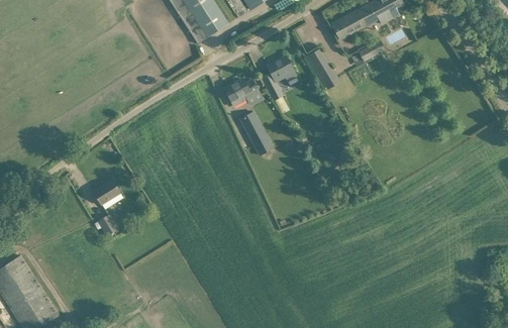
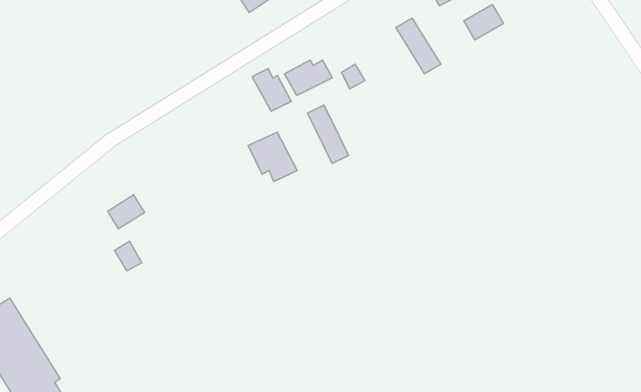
building: [267,57,297,82] -> none
building: none -> [252,69,291,111]
building: none -> [248,132,297,181]

